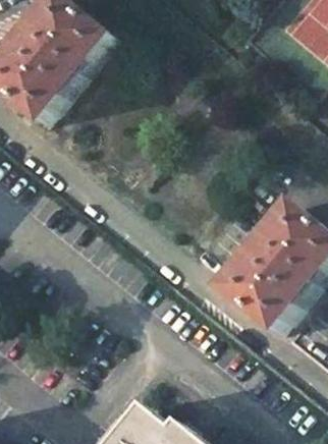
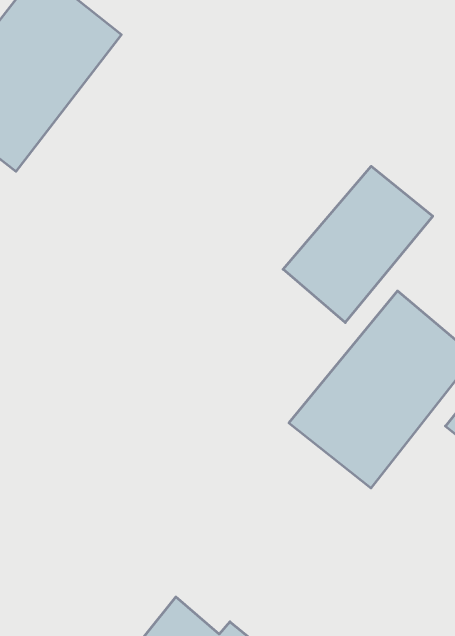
building: none -> [283,166,433,323]

